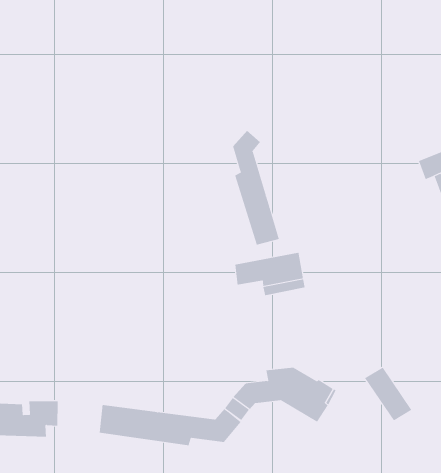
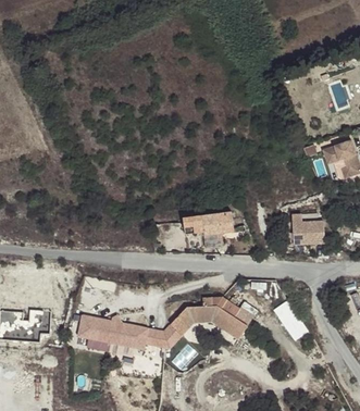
building: [233,130,280,246] -> none
building: none -> [291,210,324,240]

